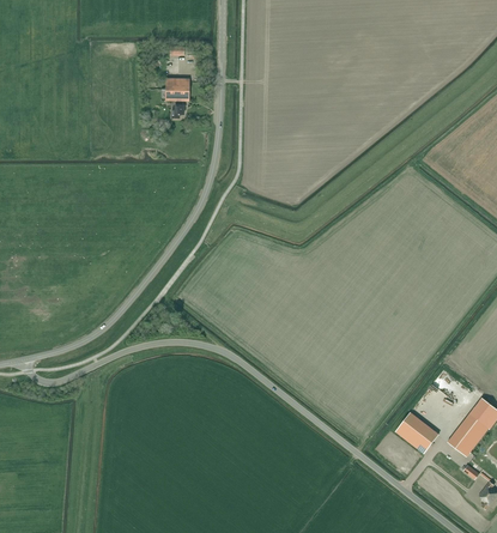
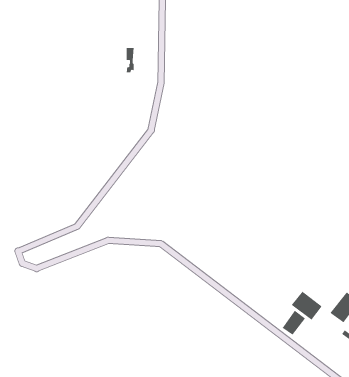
building: none -> [282,310,306,336]

